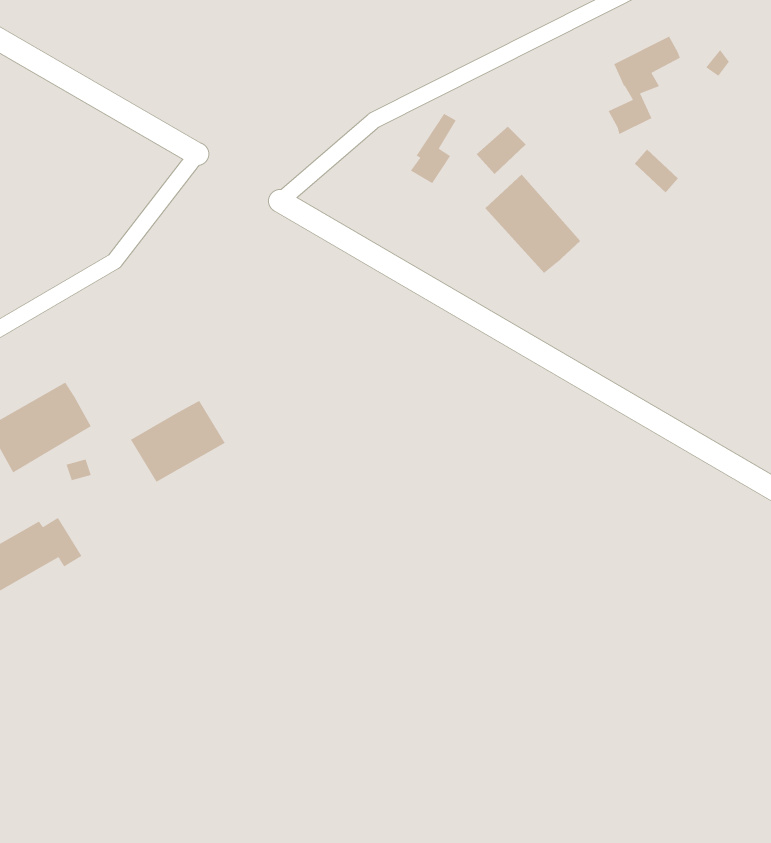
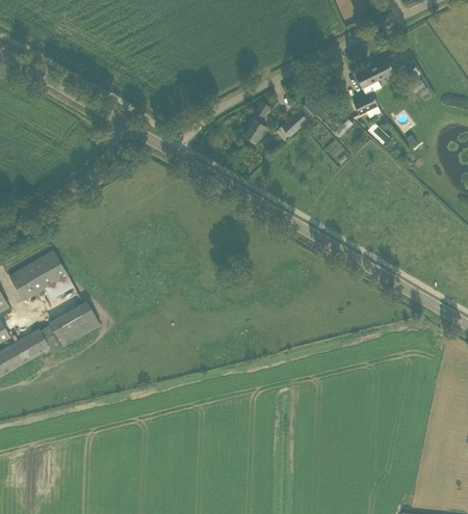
building: [484,174,581,274] -> none
building: [130,400,226,483] -> [48,300,101,346]

